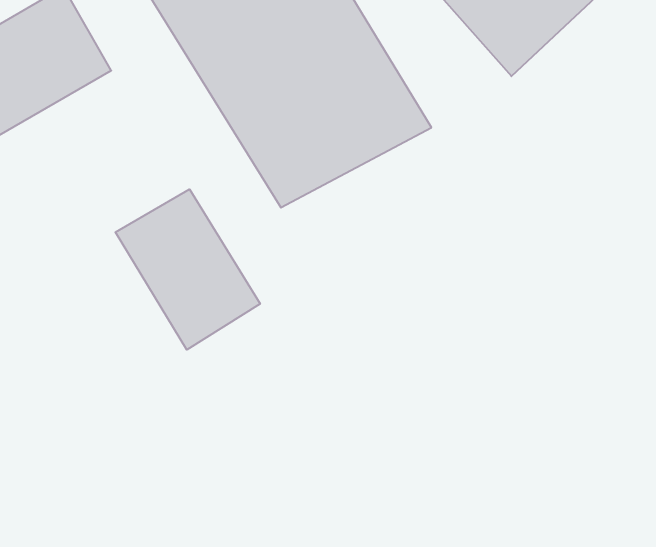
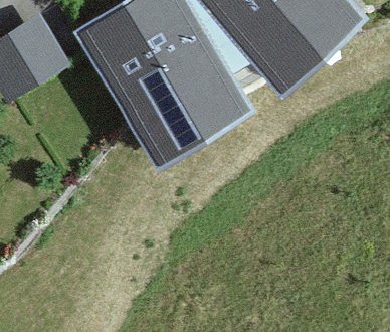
building: [115,189,260,350] -> none

